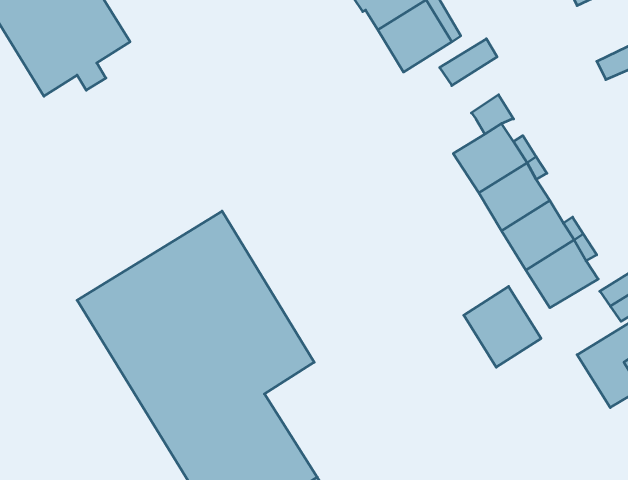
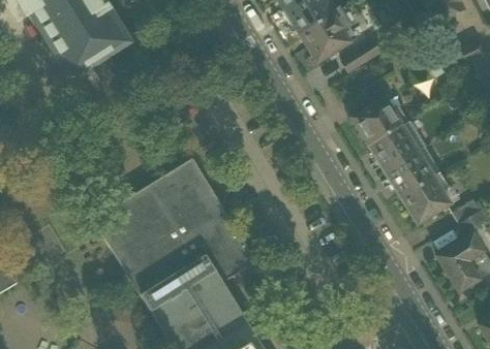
building: [464,286,541,367] -> none

